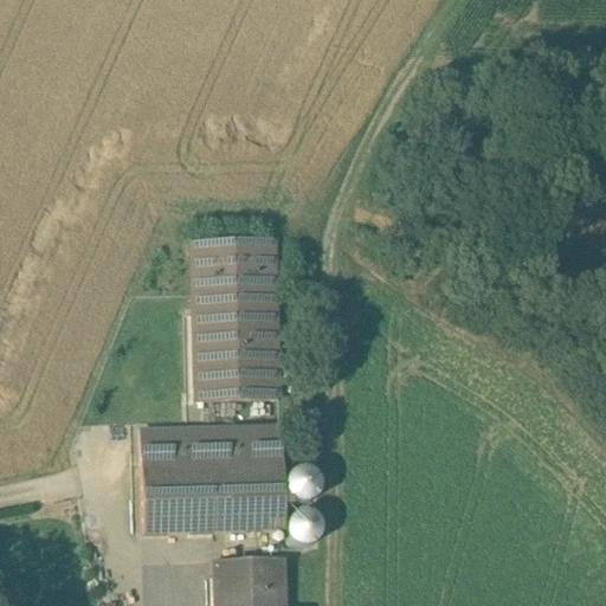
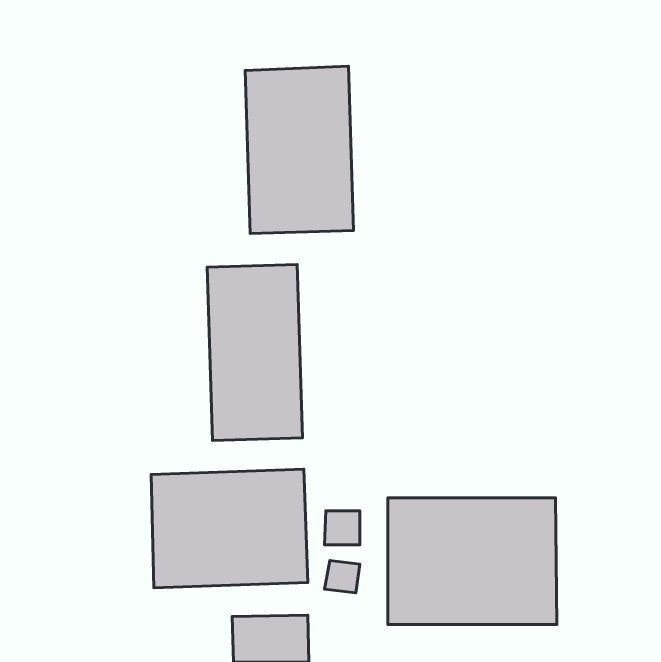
building: none -> [245,66,353,233]
building: none -> [388,498,557,625]

